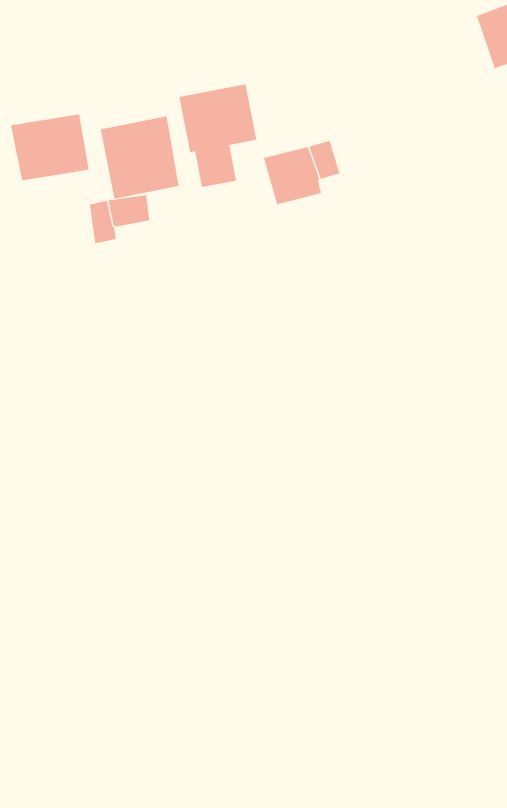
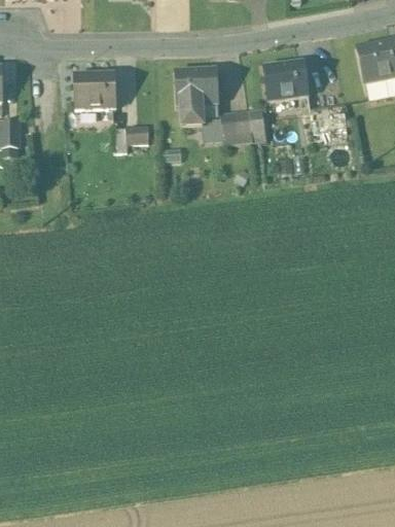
building: none -> [263,62,309,101]
building: [100,115,179,199] -> none

